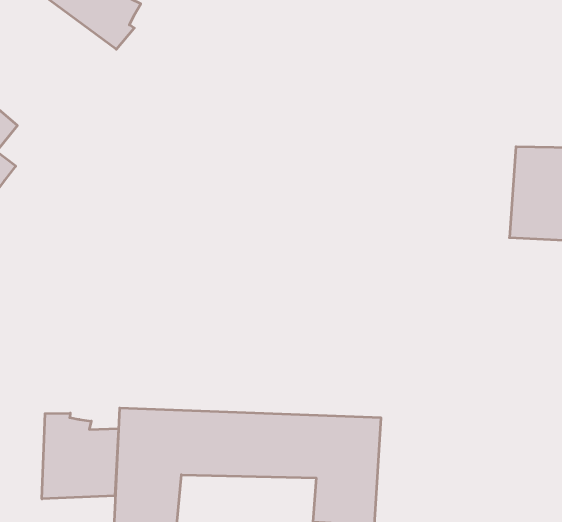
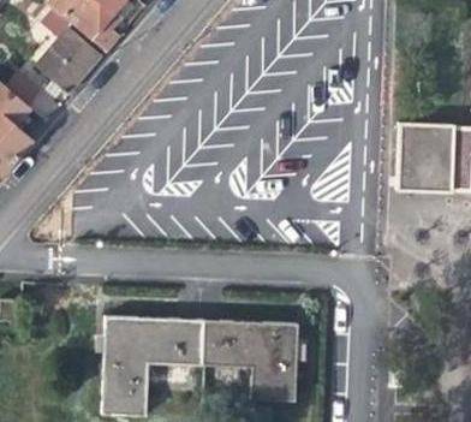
building: none -> [32,26,105,94]
building: [42,413,118,499] -> none

